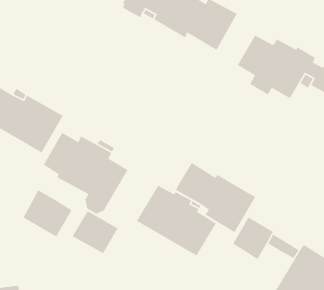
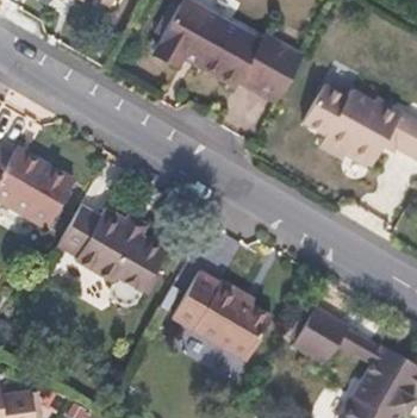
building: [175,162,256,233] -> none
building: [22,189,72,238] -> none
building: [72,210,118,254] -> none

